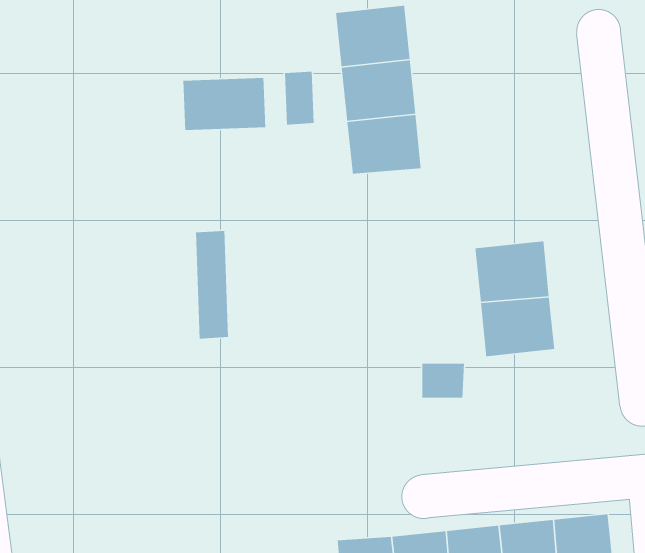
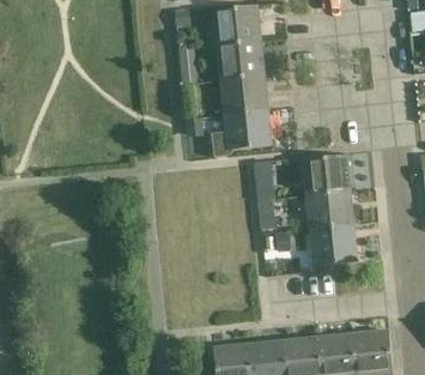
building: [182,77,266,131] -> none
building: none -> [213,109,272,158]
building: [195,230,229,339] -> [260,159,281,229]
building: none -> [310,224,358,264]

